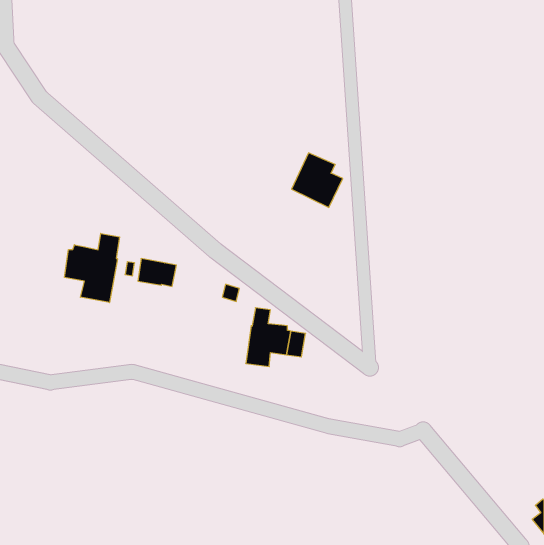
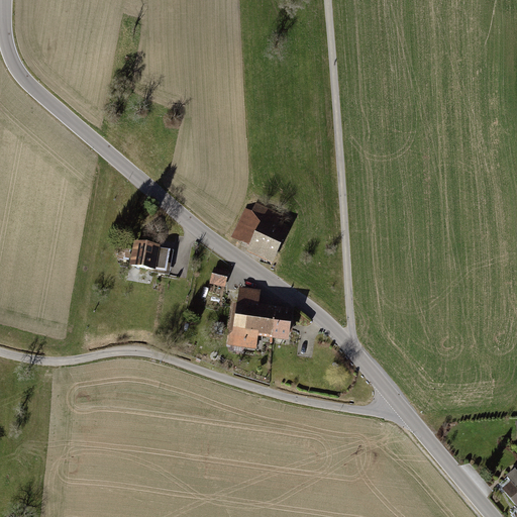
building: [292,153,343,207] -> [237,206,286,257]
building: [65,233,119,303] -> none

